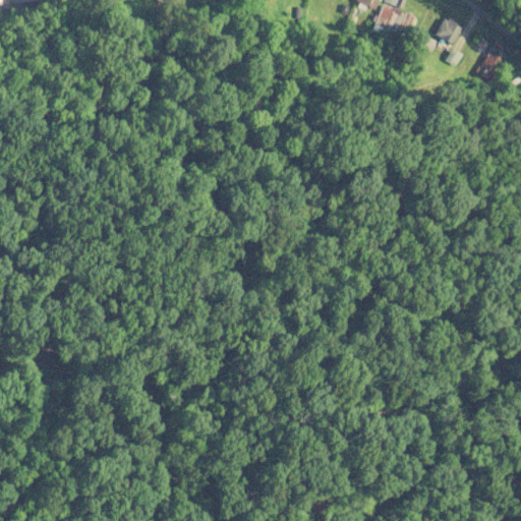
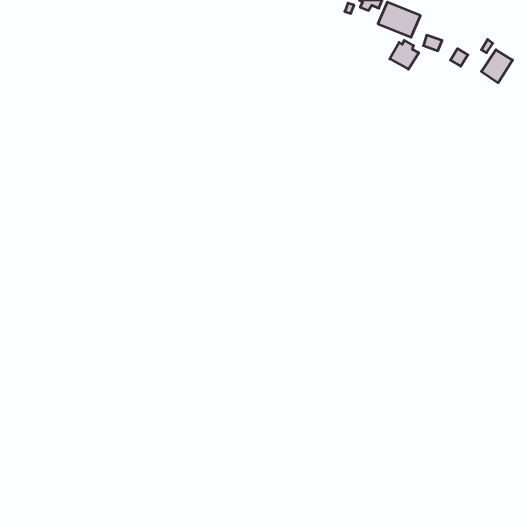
building: [435,15,463,44] -> [390,40,419,69]

